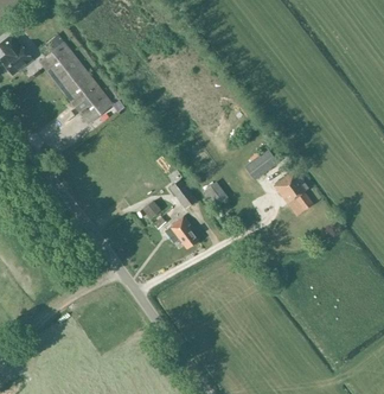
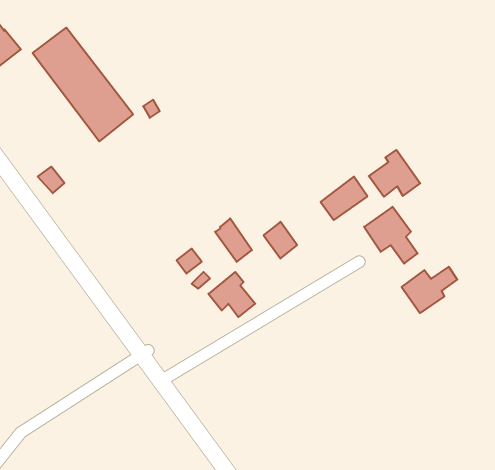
building: none -> [369,150,420,197]
building: none -> [402,267,457,313]

